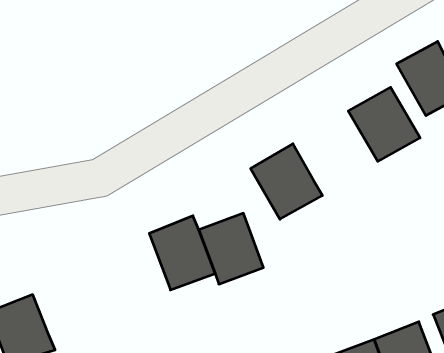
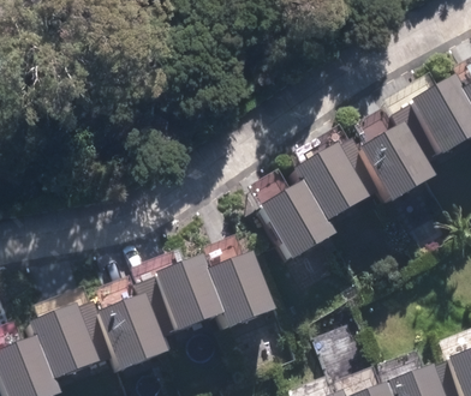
building: none -> [296,143,368,218]
building: none -> [97,290,168,366]
building: none -> [32,301,100,376]

